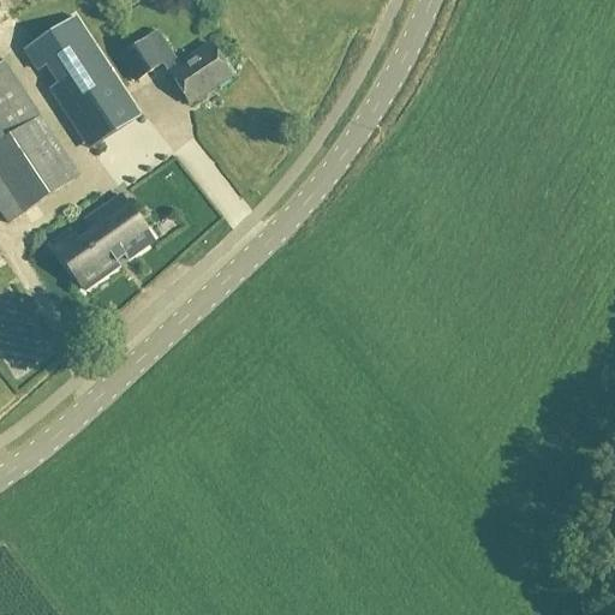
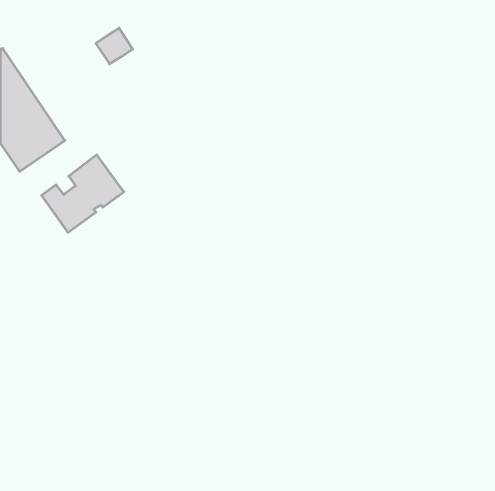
building: [34,14,130,141] -> none
building: [169,42,232,101] -> none

